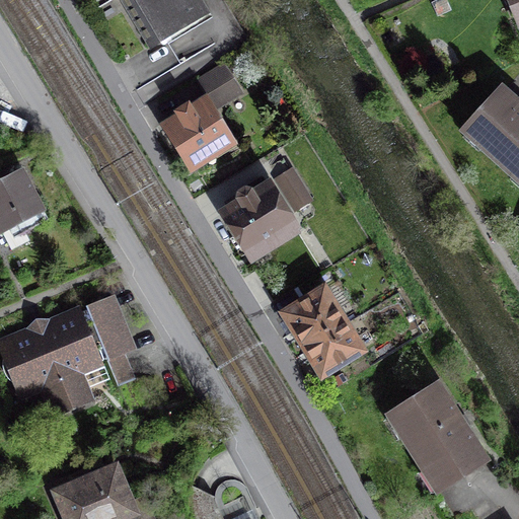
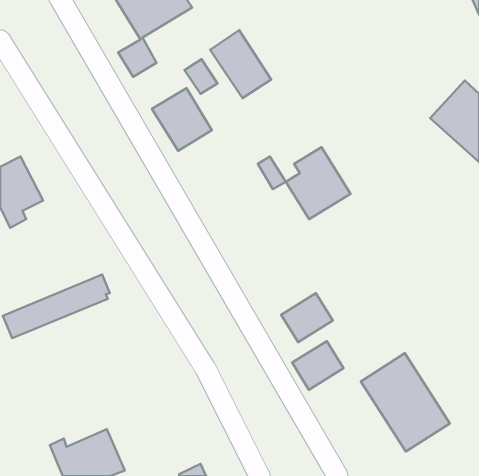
building: none -> [210,30,271,98]
building: [225,173,295,251] -> [286,147,351,219]
building: [286,288,342,341] -> [292,341,344,390]
building: [13,323,135,410] -> none

